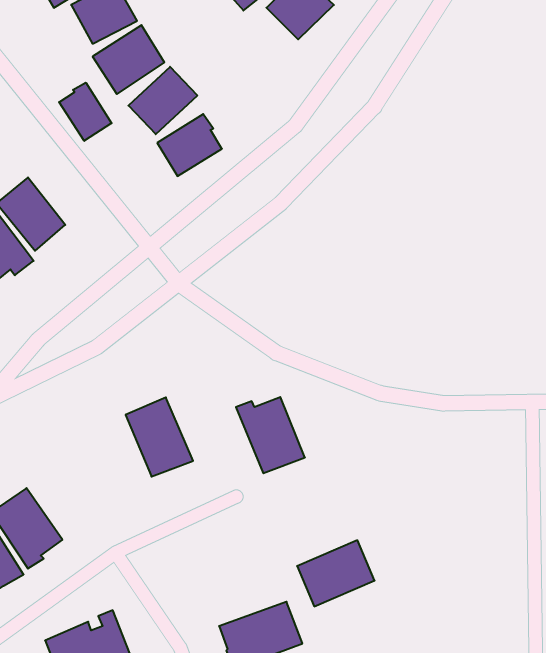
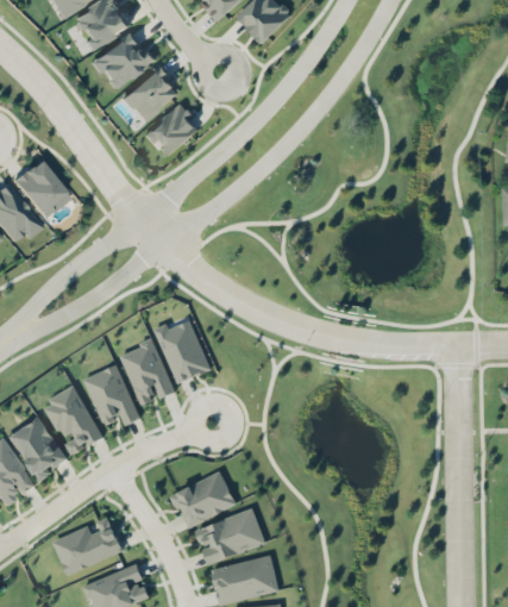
building: [59,83,112,141] -> none
building: [236,397,305,473] -> [153,320,211,383]
building: none -> [84,365,138,425]
building: none -> [43,387,102,455]
building: [297,540,375,606] -> [171,473,236,527]

